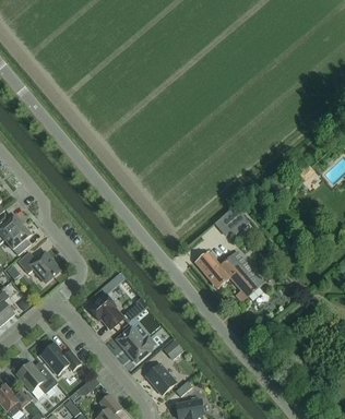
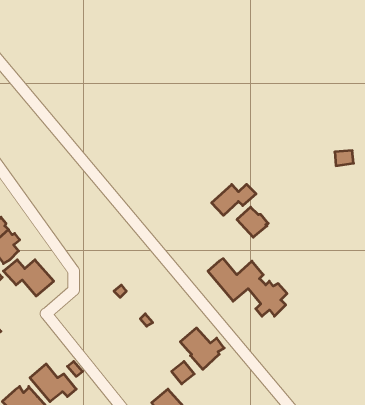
building: none -> [212,184,256,215]
building: [88,294,123,328] -> none
building: [117,326,155,362] -> [180,328,224,369]

